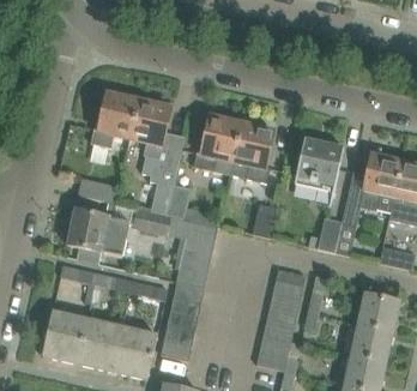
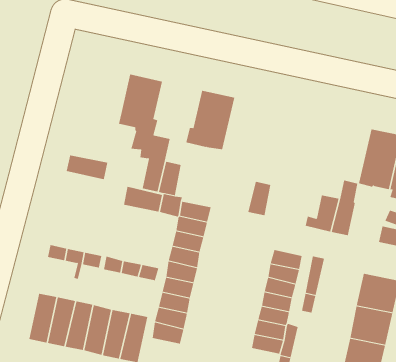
building: [91,92,139,146] -> none
building: [229,122,274,182] -> none
building: [295,137,344,188] -> none
building: [67,209,128,255] -> none

